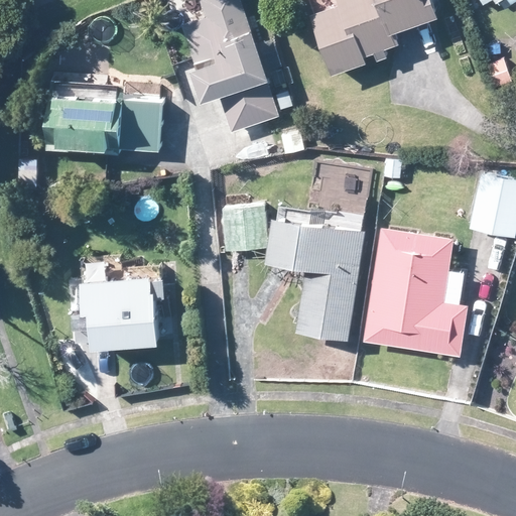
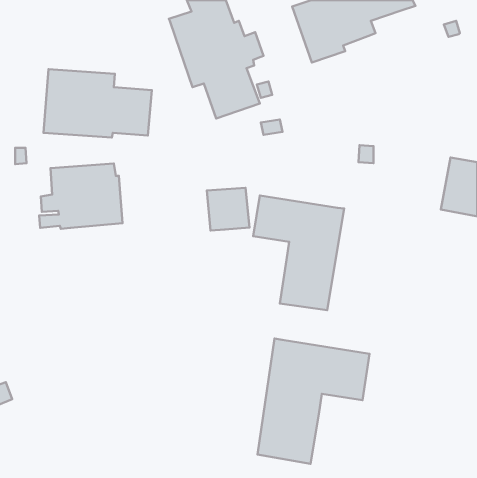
building: [363,229,467,356] -> none
building: [72,276,160,346] -> [39,163,123,229]
building: none -> [258,339,370,464]

